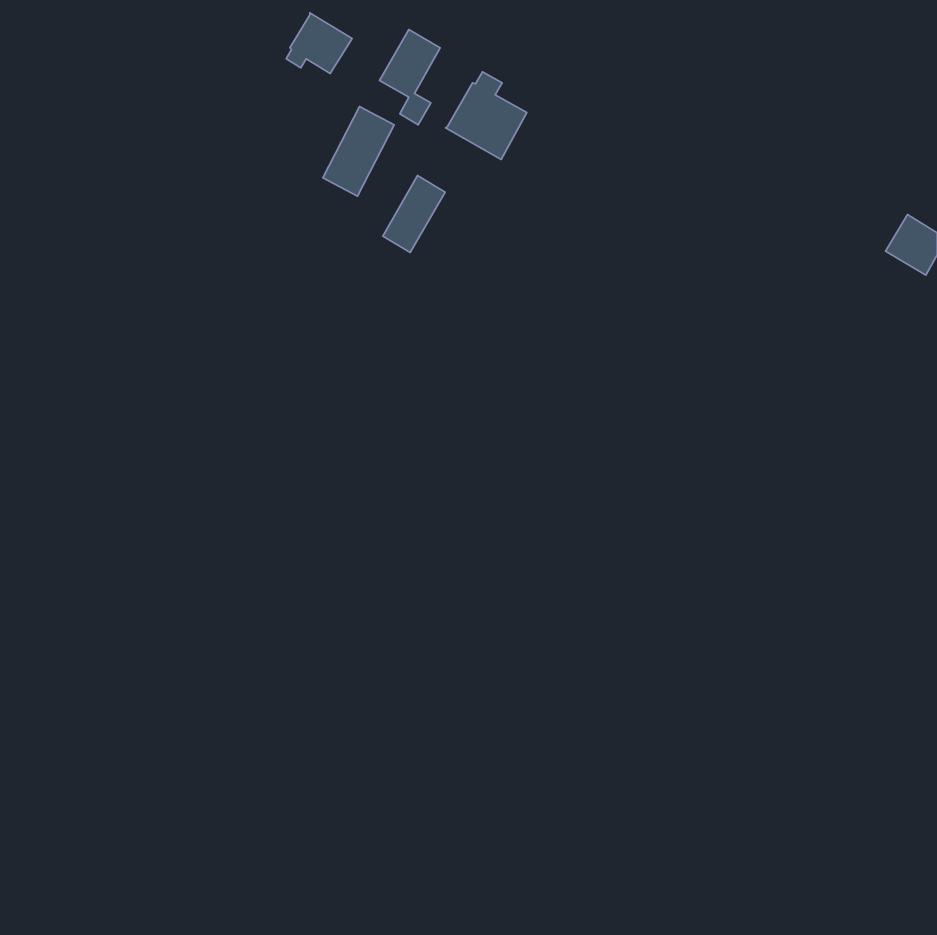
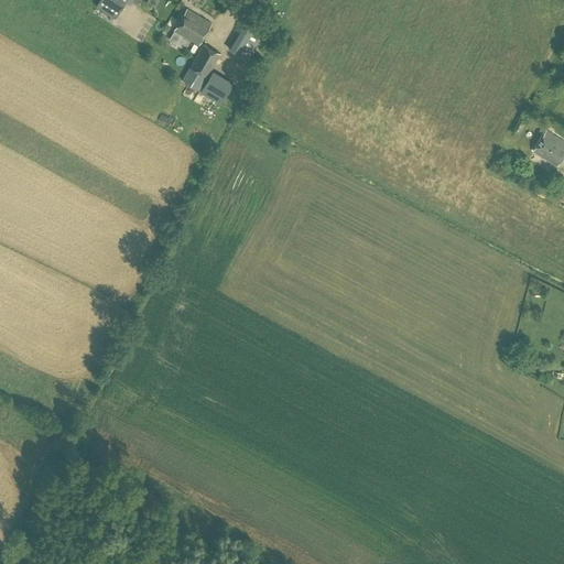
building: [445,72,527,159] -> none
building: [383,176,445,253] -> [182,43,219,89]

